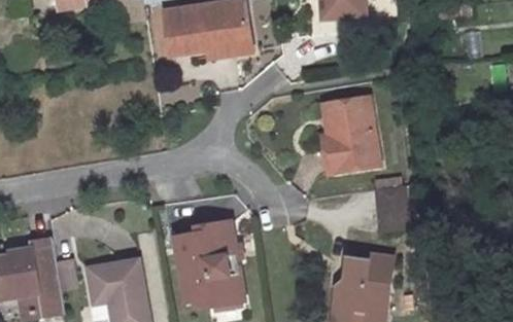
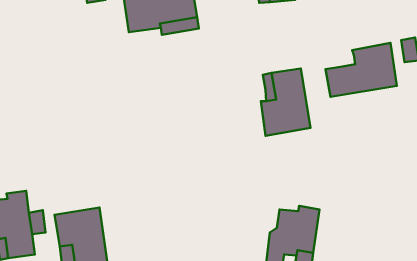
building: none -> [325,43,397,97]
building: [377,186,410,231] -> none
building: [178,223,241,303] -> none

